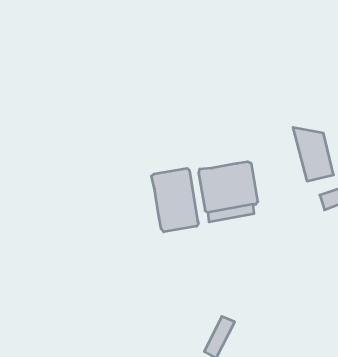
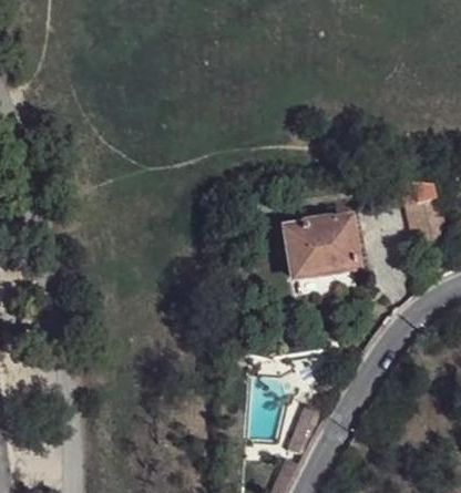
building: [151,168,198,232] -> none

